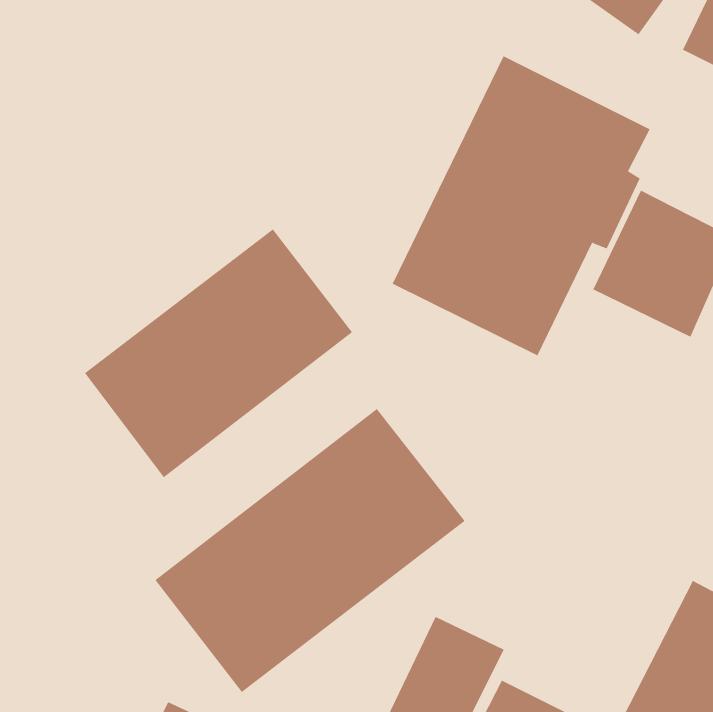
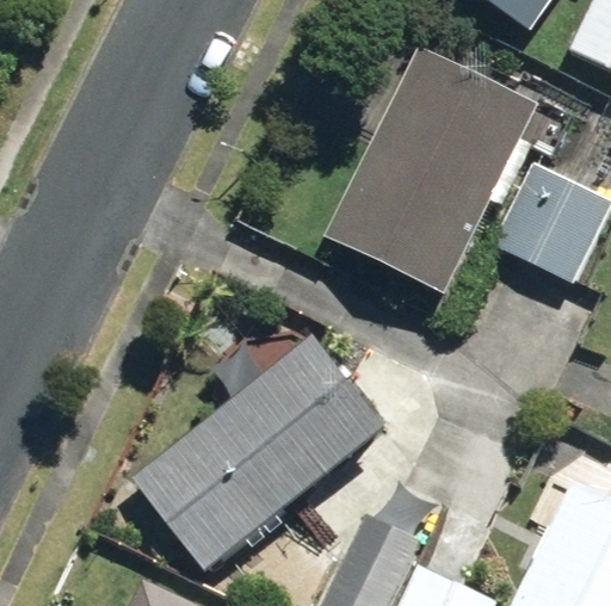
building: [84,228,353,478] -> none

